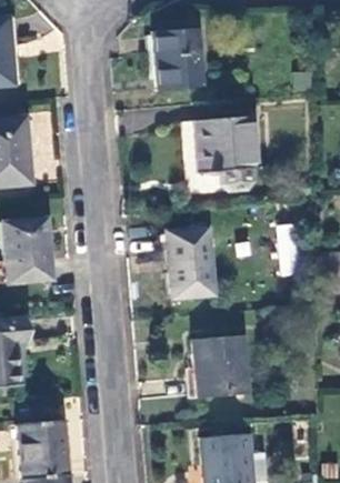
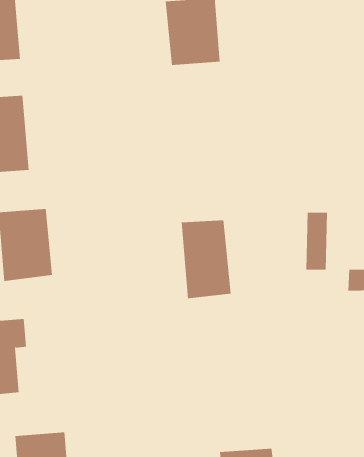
building: [183,117,260,193] -> none
building: [193,335,249,398] -> none

